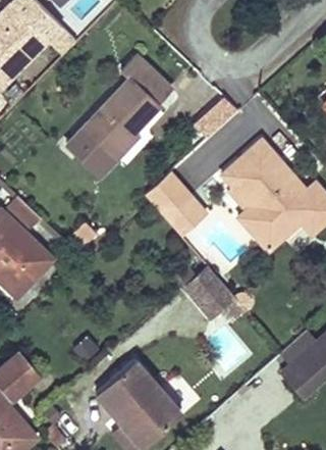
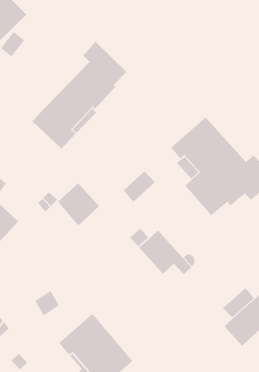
building: [146,173,194,222] -> [57,183,100,226]

